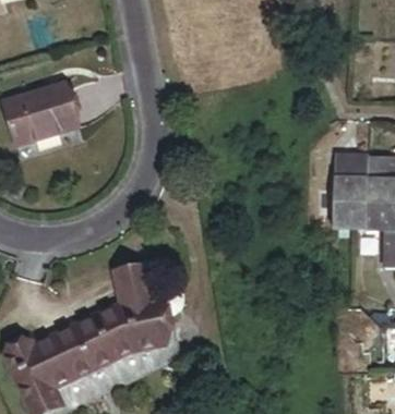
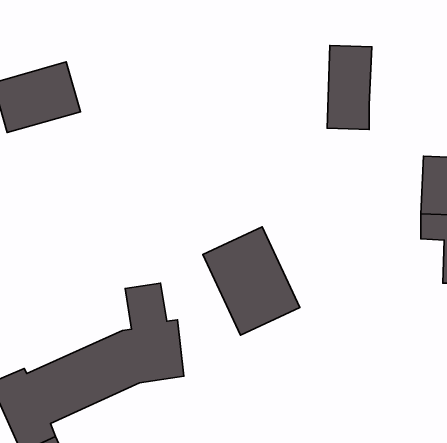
building: [327,160,364,230] -> [327,46,372,129]
building: none -> [203,227,300,335]

